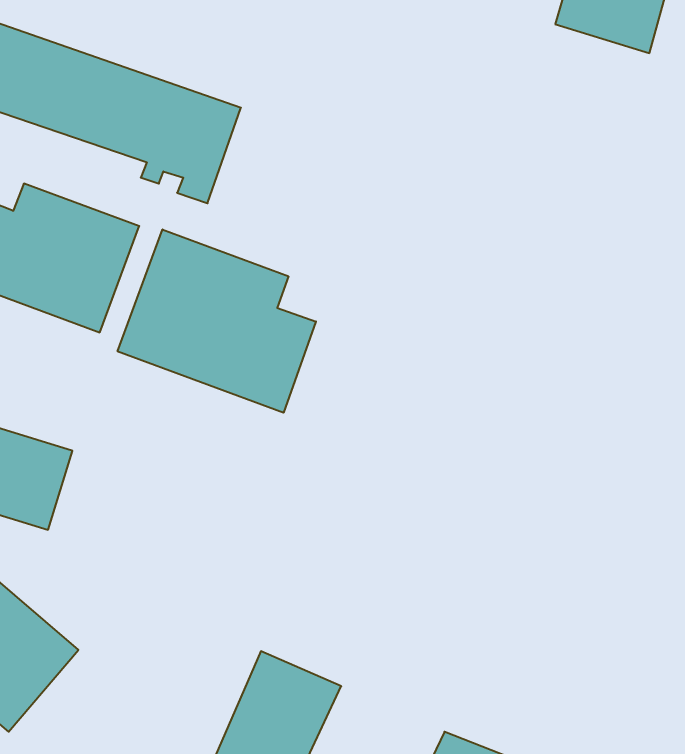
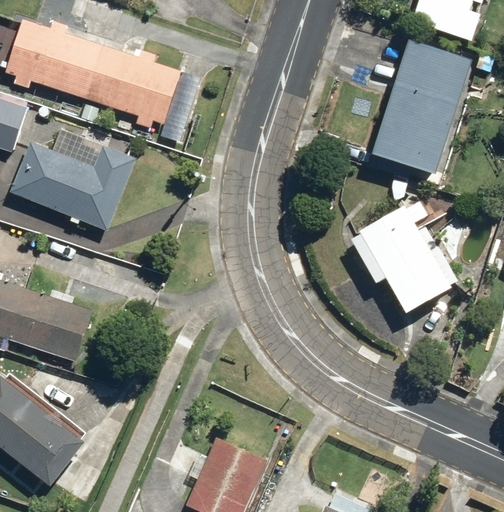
building: none -> [369,40,470,180]
building: [118,229,316,413] -> none
building: none -> [348,199,457,315]

